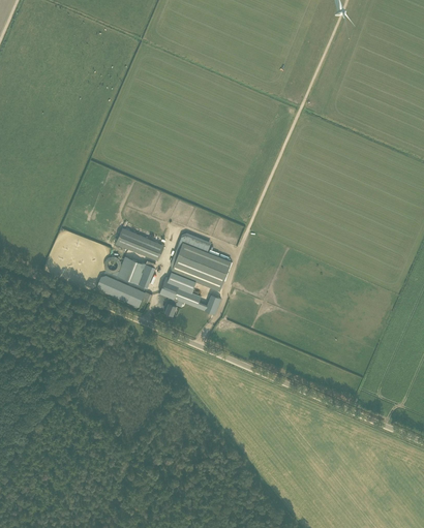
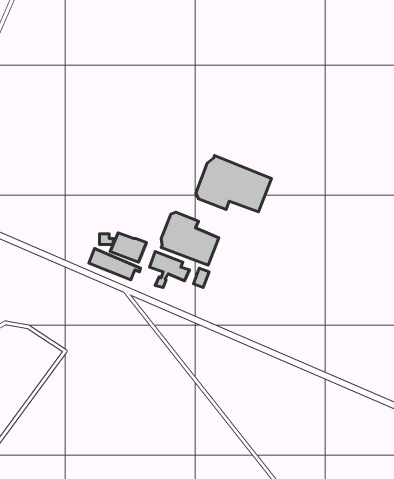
building: none -> [196,155,271,212]
building: [115,226,164,260] -> none

